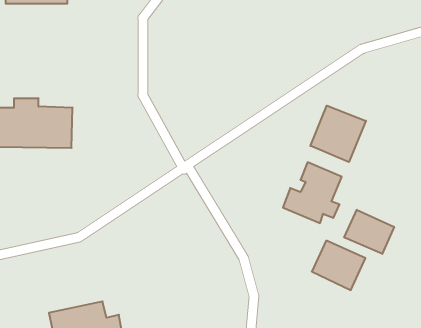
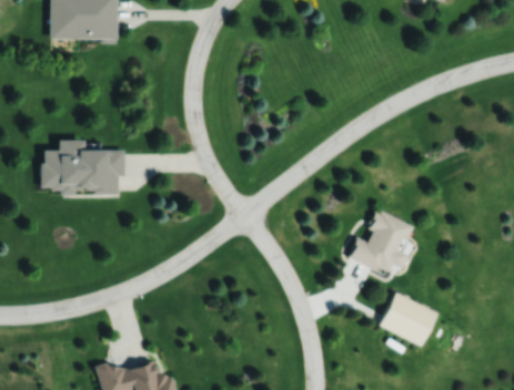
building: [310,106,366,162] -> none
building: [344,210,394,254] -> none

